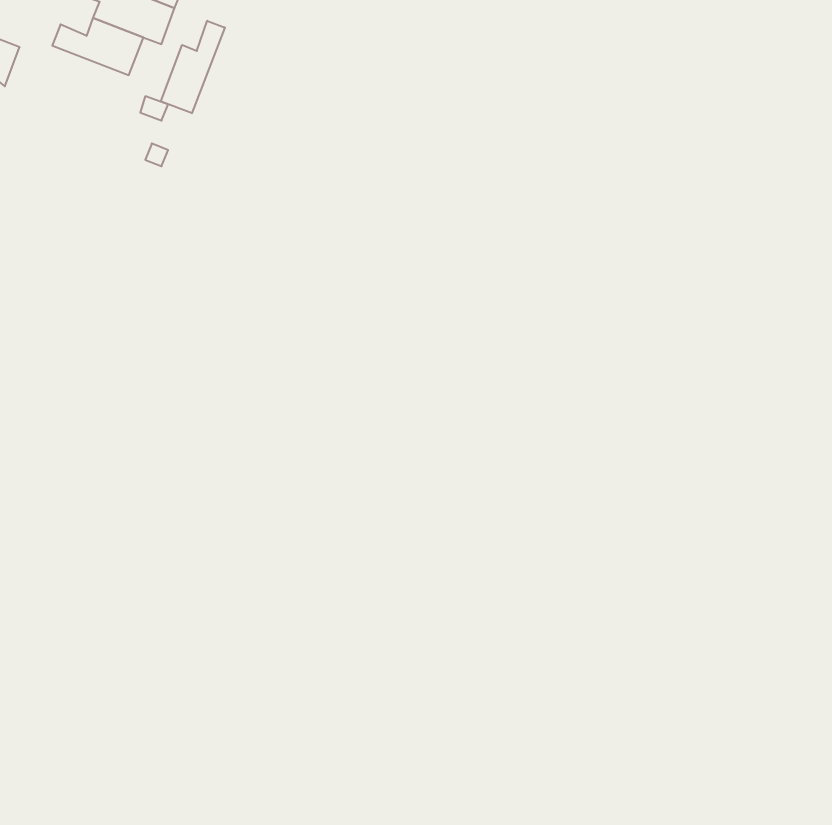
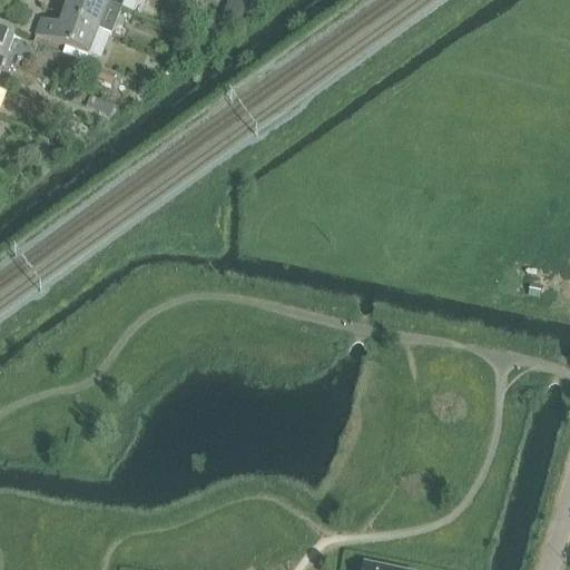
building: [161,21,225,113] -> none

